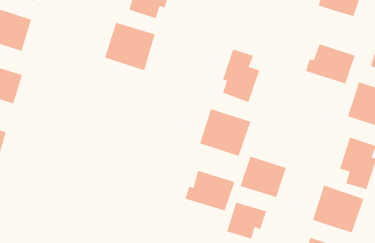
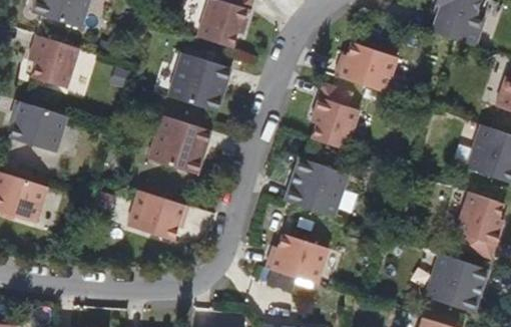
building: [305,43,356,84] -> [336,42,398,92]
building: none -> [148,115,211,174]
building: none -> [126,190,188,240]
building: [240,156,286,198] -> none
building: [226,202,267,240] -> none

